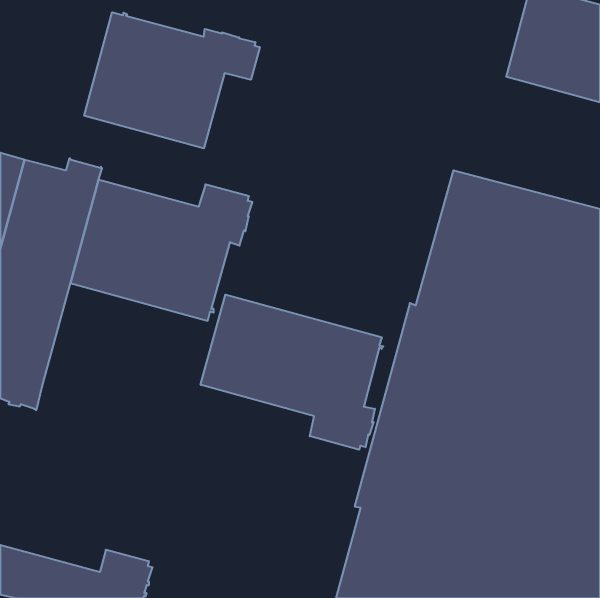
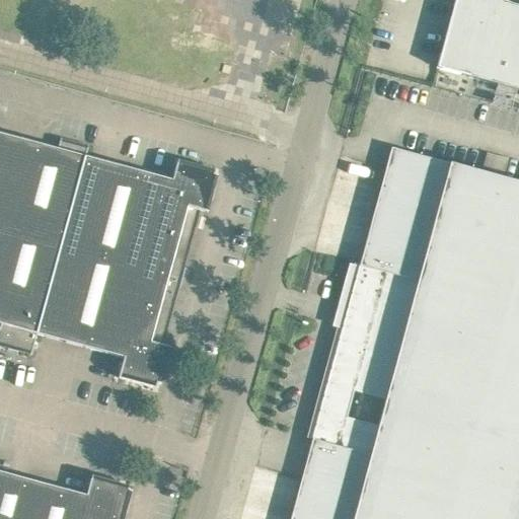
building: [84,12,260,148] -> none
building: none -> [36,244,180,386]
building: [201,295,383,450] -> none

